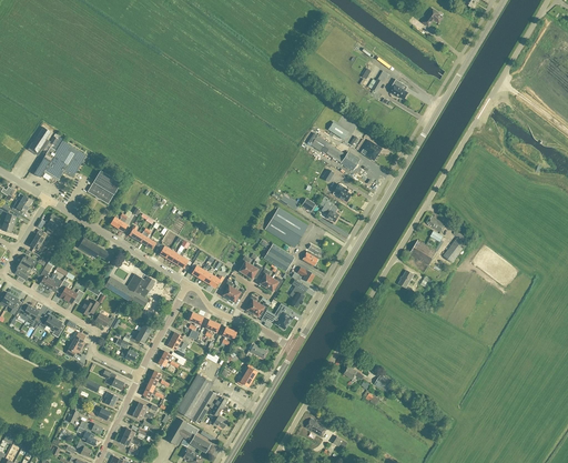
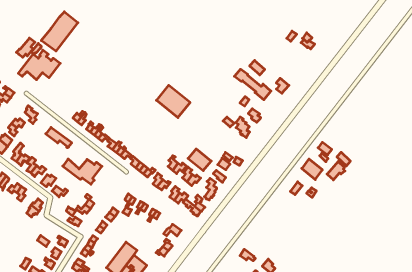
building: none -> [41,12,78,51]
building: [89,170,121,203] -> none
building: [265,207,308,246] -> [156,85,190,118]

